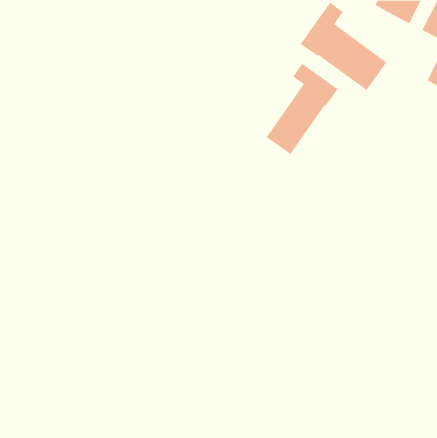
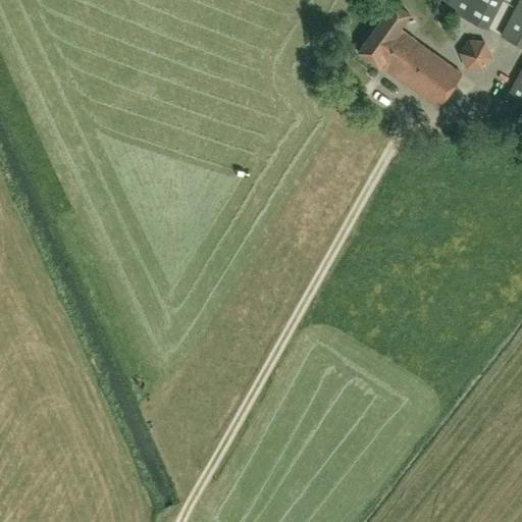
building: none -> [459,40,493,70]
building: [266,63,338,155] -> none

